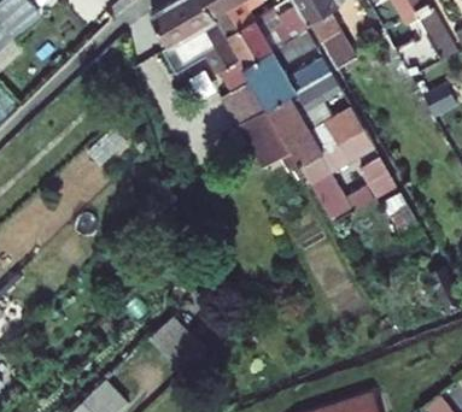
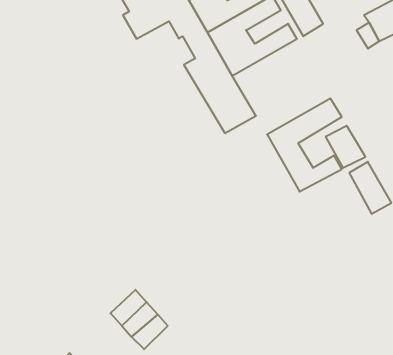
building: [268,72,363,165] -> none

